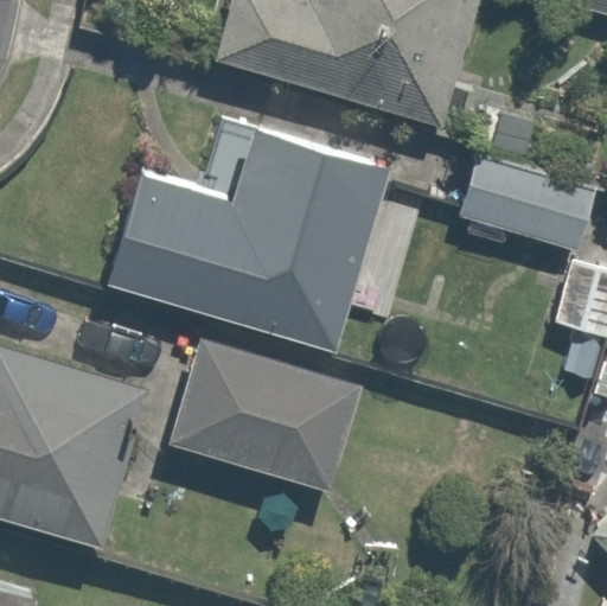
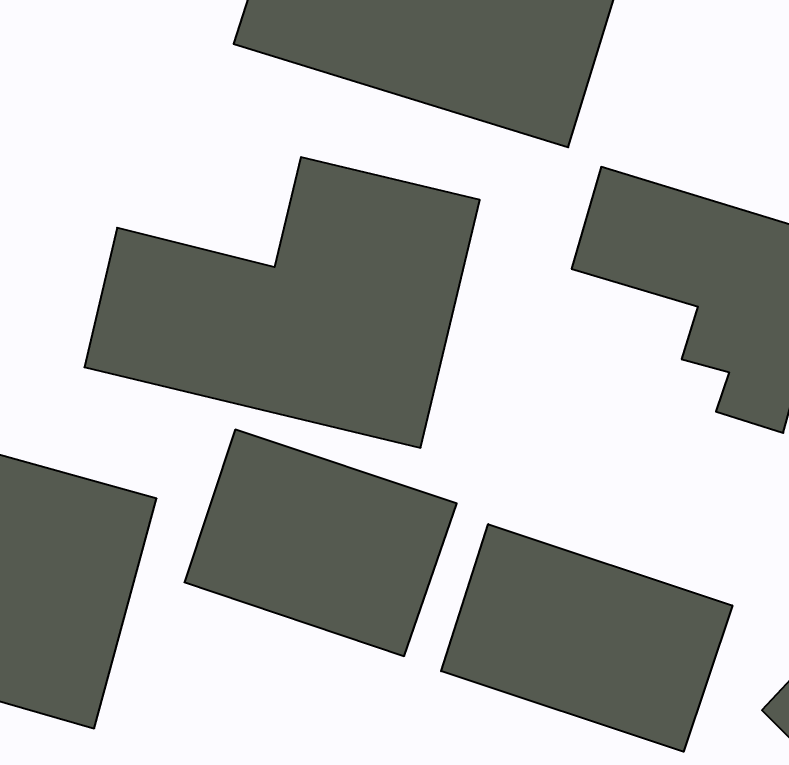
building: none -> [441,524,732,752]

